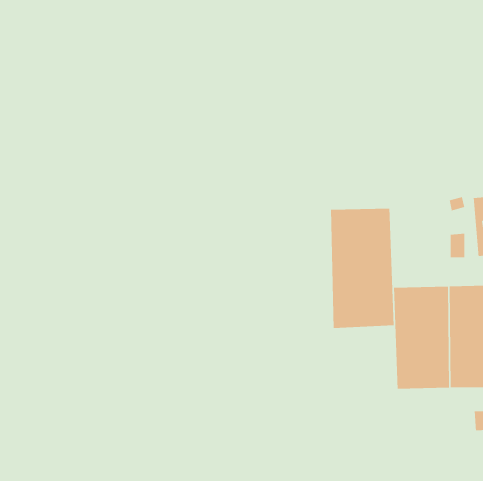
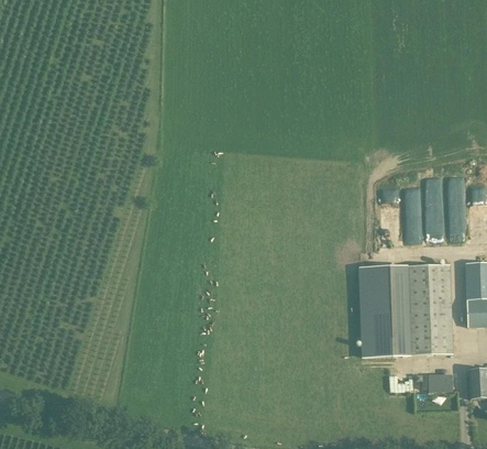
building: [330,208,394,329] -> none

